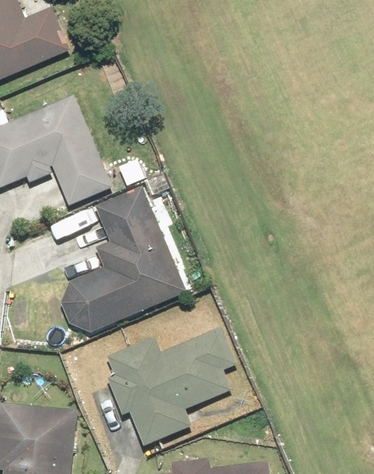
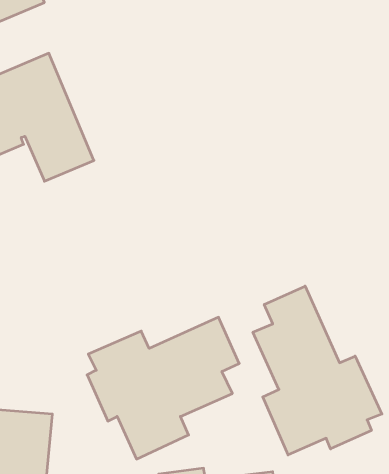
building: [60,187,185,331] -> none
building: none -> [253,286,382,455]

